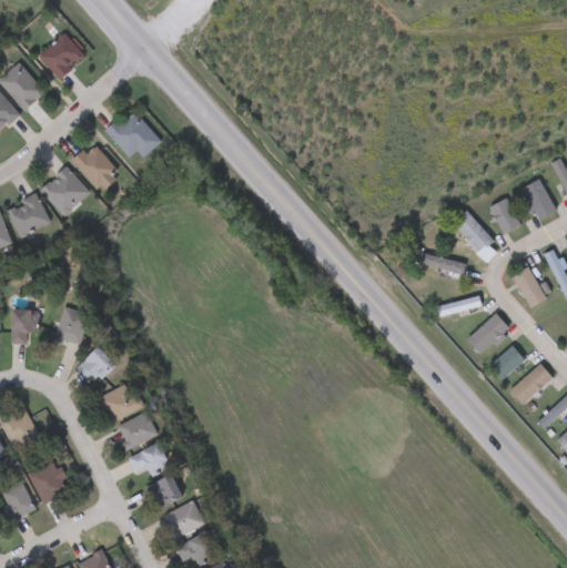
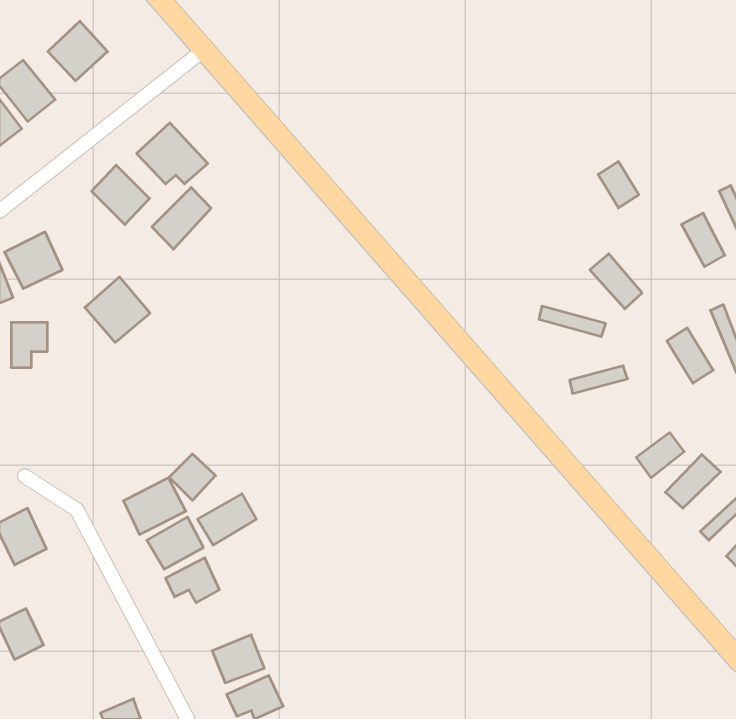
building: none -> [152,187,211,249]
building: [40,165,90,215] -> [85,277,150,342]
building: [489,197,520,233] -> [598,161,639,208]
building: [54,306,90,345] -> none
building: [11,310,39,344] -> [11,322,47,367]
building: [466,313,508,353] -> none
building: [80,347,115,383] -> [169,454,216,500]
building: none -> [198,494,256,545]
building: [29,459,72,504] -> none
building: [150,474,183,507] -> none

